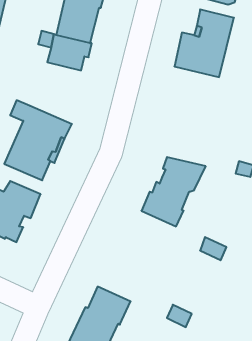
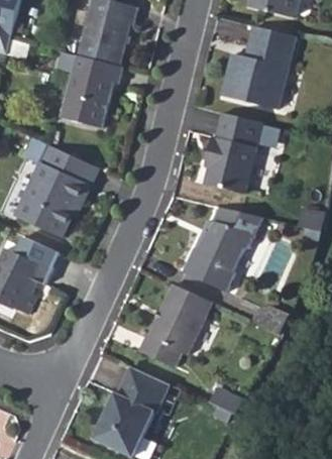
building: none -> [61,91,108,128]
building: none -> [204,114,280,194]
building: none -> [139,284,213,368]

